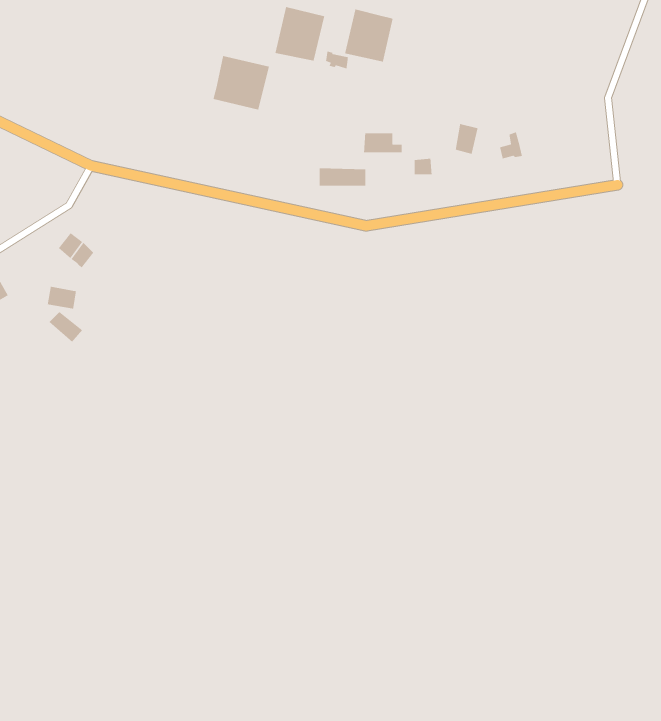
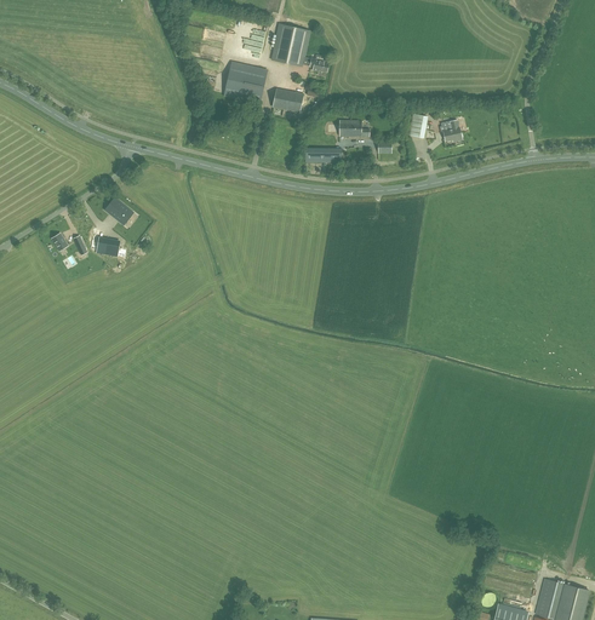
building: [344,9,393,62] -> none
building: none -> [271,87,303,111]

